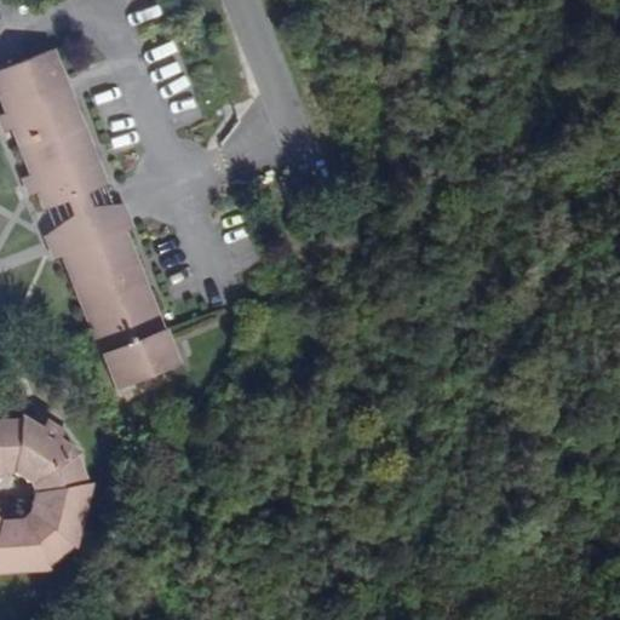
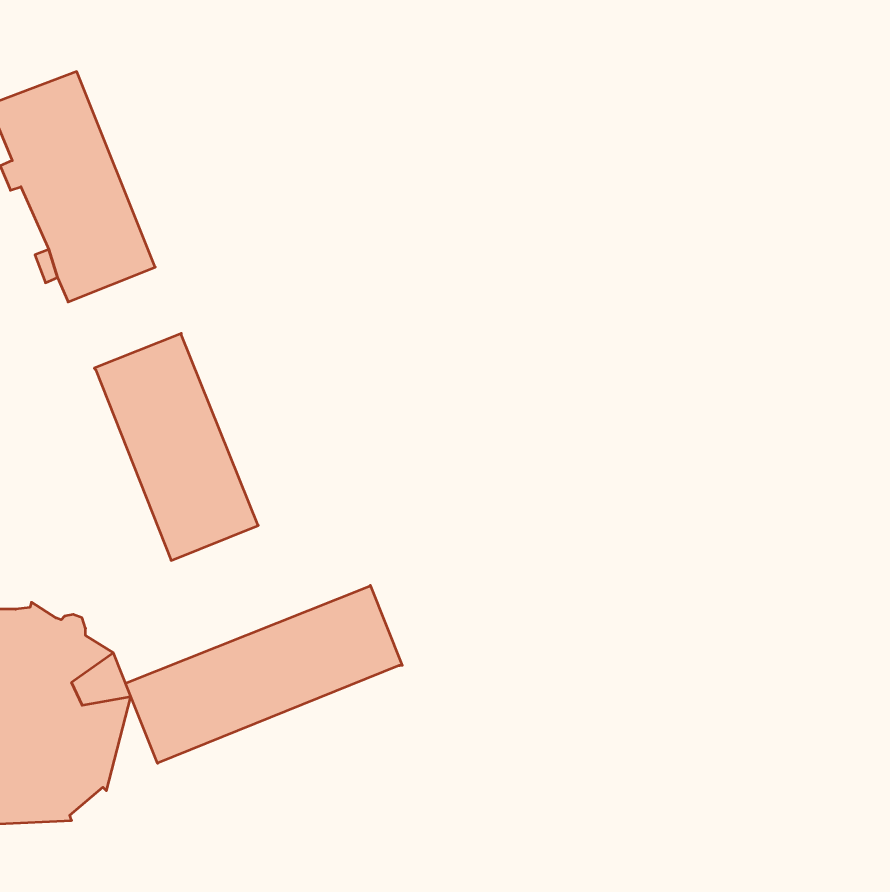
building: [47,205,136,260] -> none
building: none -> [126,585,402,763]

